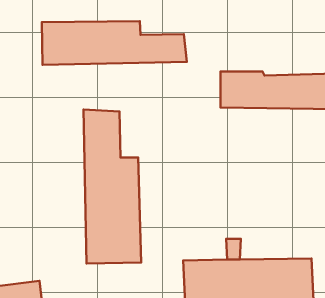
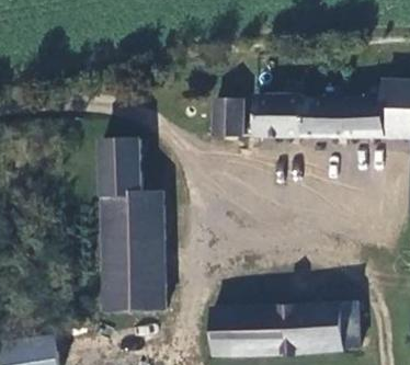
building: [42,21,187,65] -> none
building: none -> [210,101,239,137]

